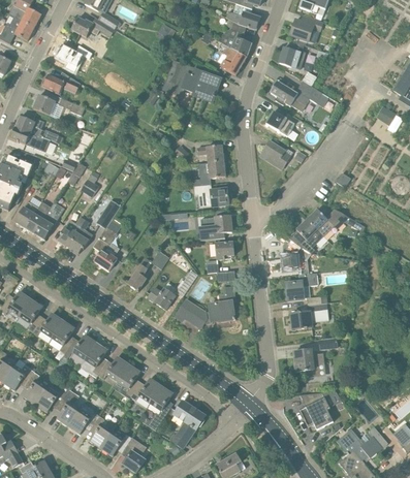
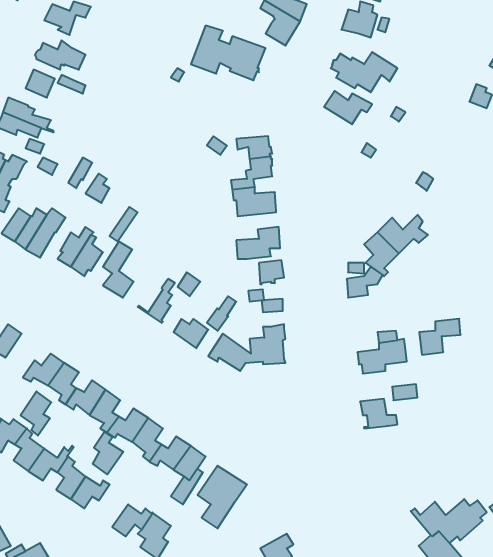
building: [263,140,293,170] -> none
building: [286,273,318,300] -> [419,319,461,355]
building: [19,298,42,332] -> [21,391,51,436]
building: [308,402,334,429] -> none
building: [90,415,114,448] -> [93,432,123,474]

